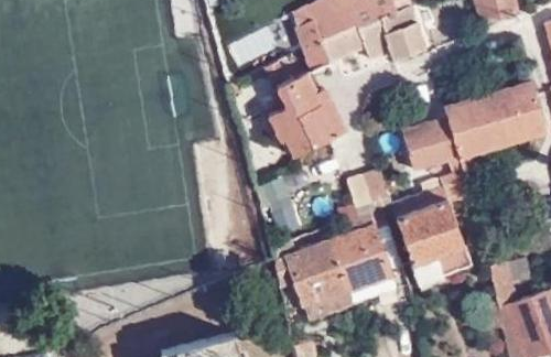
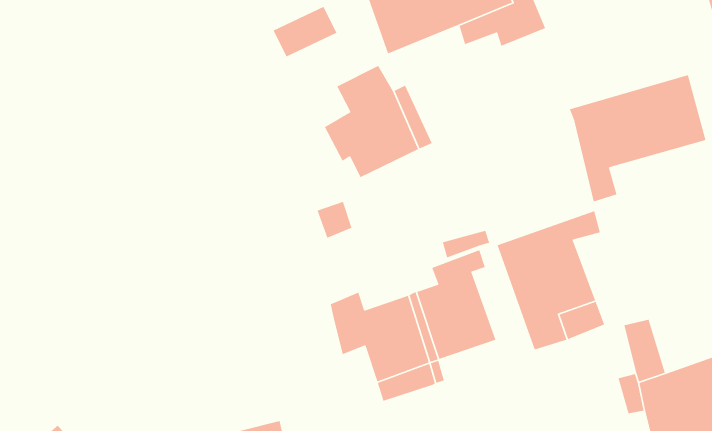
building: [402,115,463,191] -> none
building: [345,167,385,203] -> none

